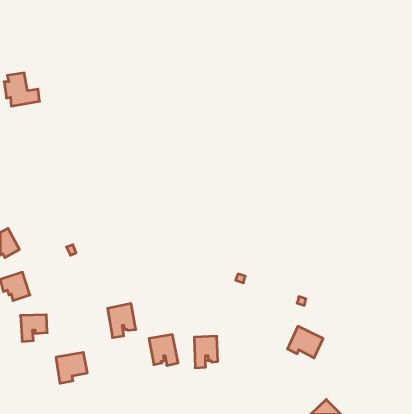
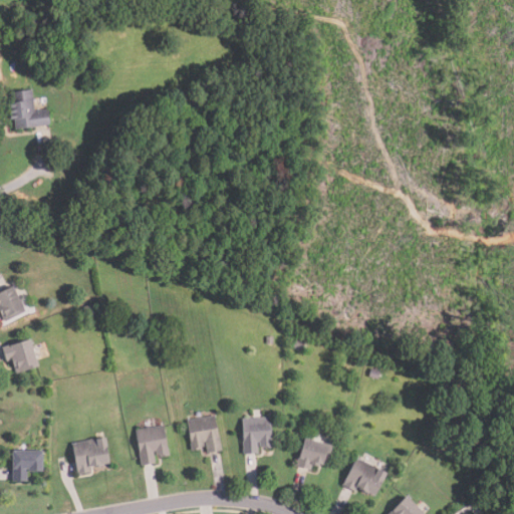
building: [108,304,136,338] -> [135,424,170,466]
building: [20,315,47,341] -> [10,449,43,482]
building: [287,326,323,358] -> [343,457,388,496]
building: none -> [296,437,333,470]

